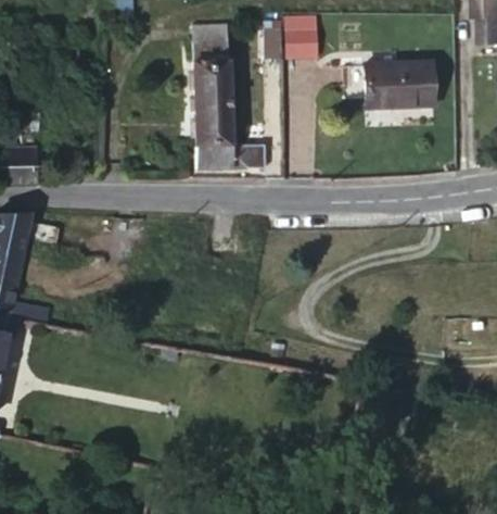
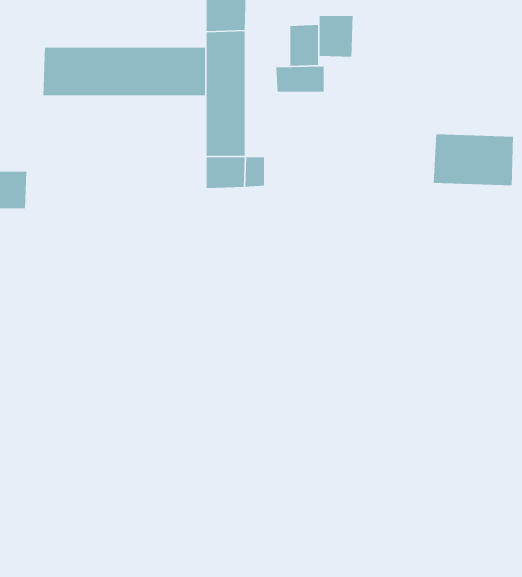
building: none -> [43,47,206,96]
building: [371,62,439,106] -> [433,134,514,186]
building: none -> [275,66,324,93]

